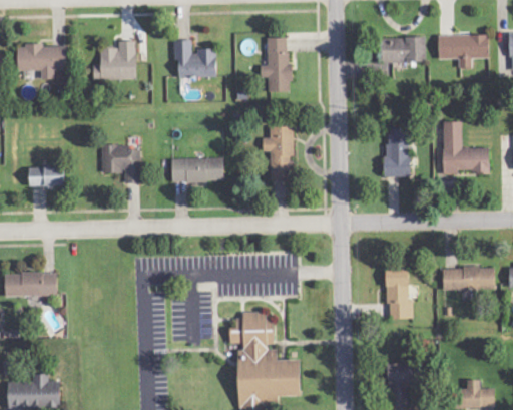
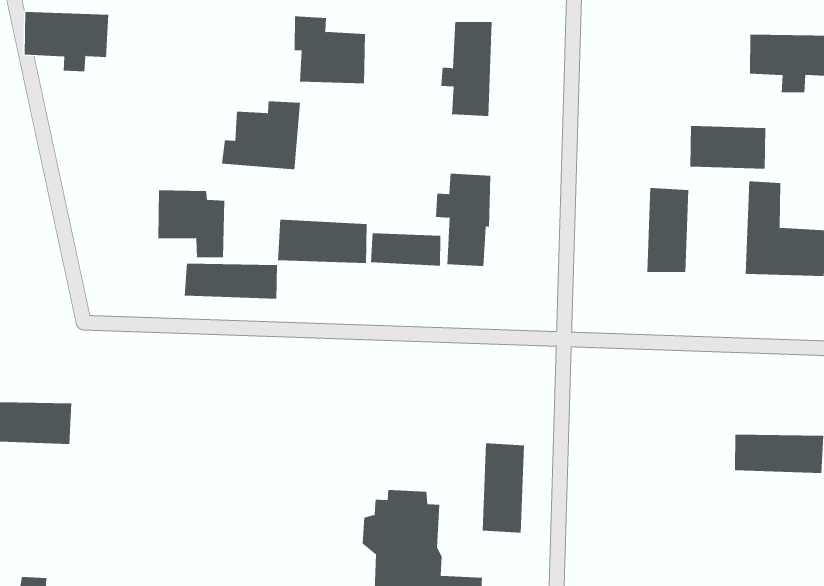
building: [381,37,426,62] -> [690,125,766,169]
building: [92,41,136,80] -> [221,101,301,170]
building: none -> [370,233,441,267]
building: [28,166,64,186] -> none
building: none -> [184,263,278,299]
building: [386,268,410,319] -> [482,443,525,533]

